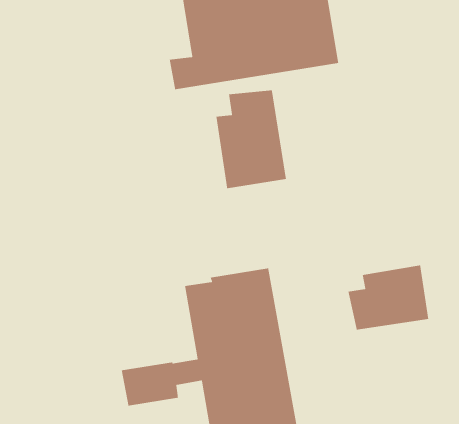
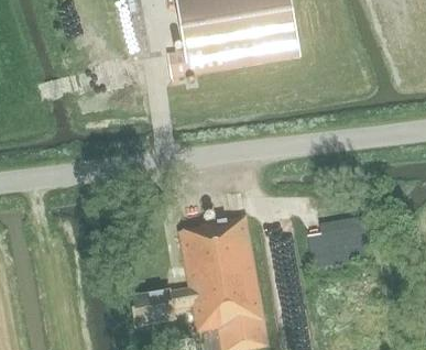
building: [216,89,287,189] -> none

